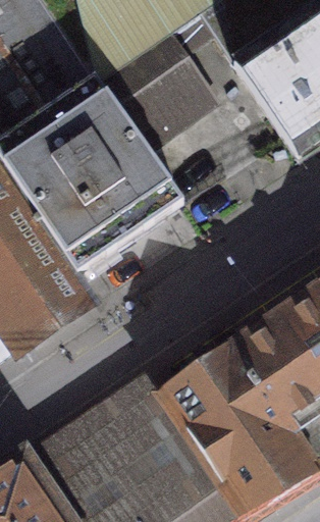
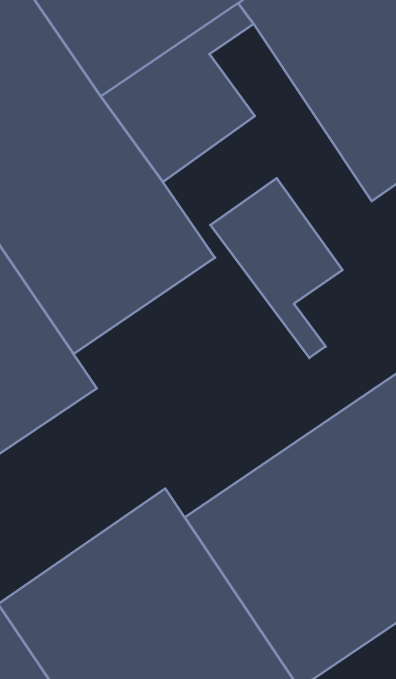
building: none -> [210,178,342,358]

